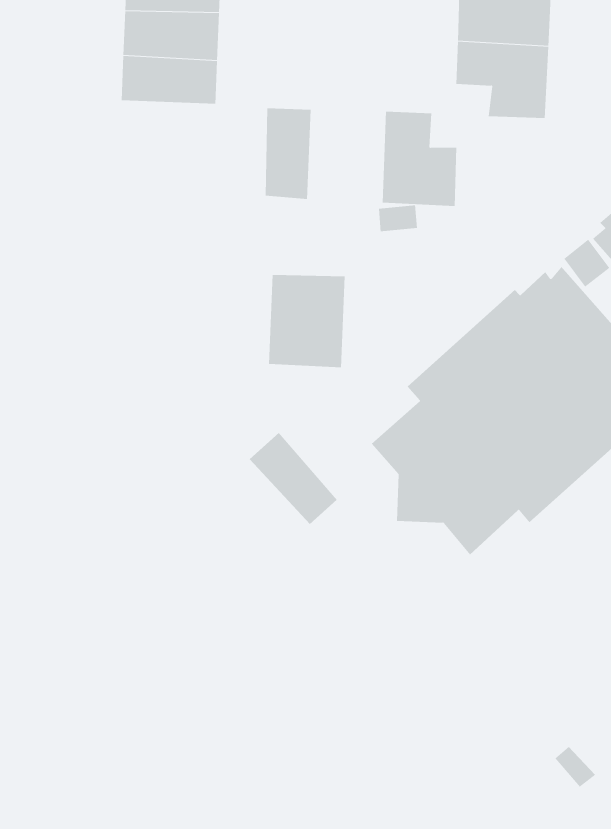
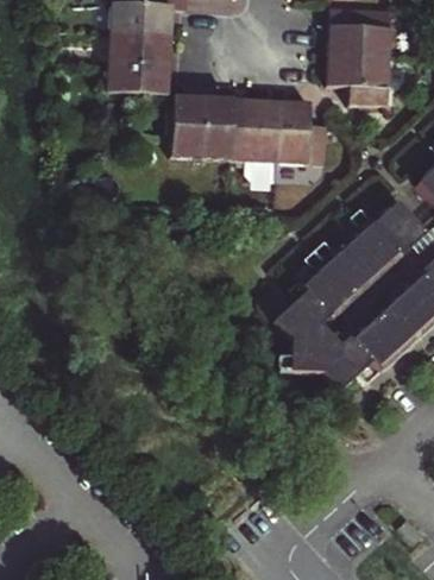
building: none -> [171,96,205,156]
building: [268,274,345,368] -> [232,99,283,160]
building: [249,432,338,525] -> none

